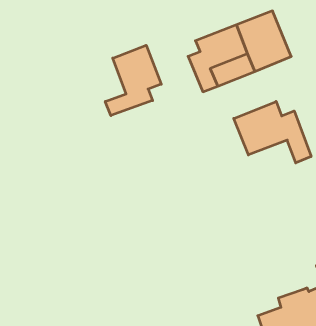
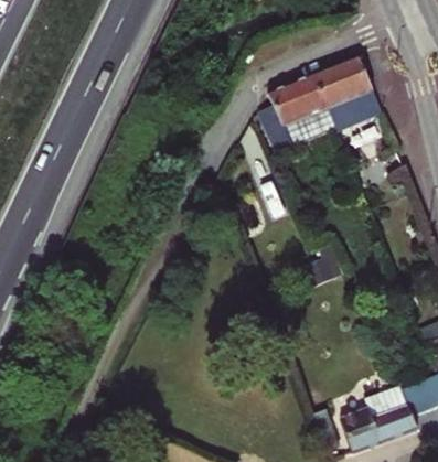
building: [105,45,161,116] -> none
building: [234,101,311,163] -> none

